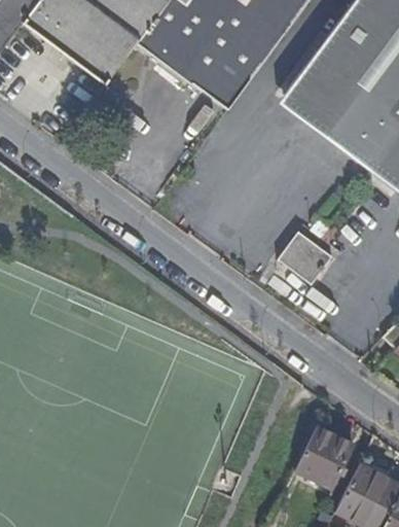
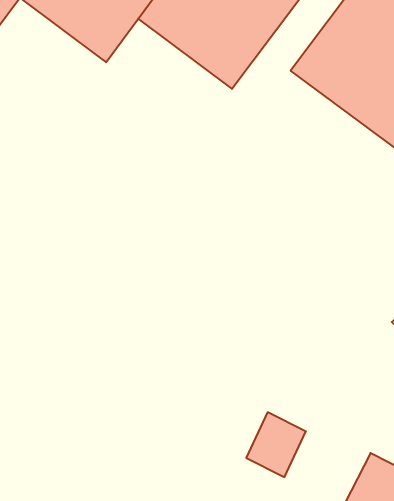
building: [277,226,333,281] -> none
building: [297,425,355,488] -> [246,412,306,477]

